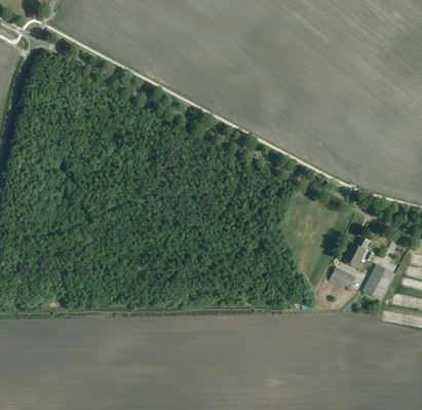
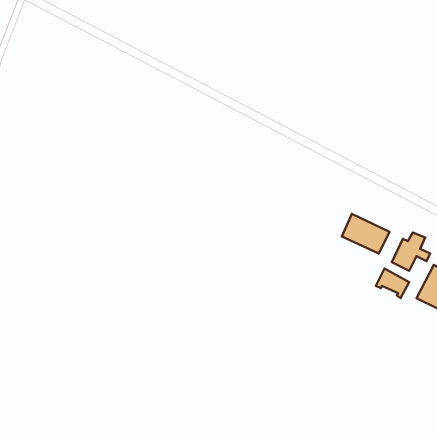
building: none -> [342,214,390,254]

